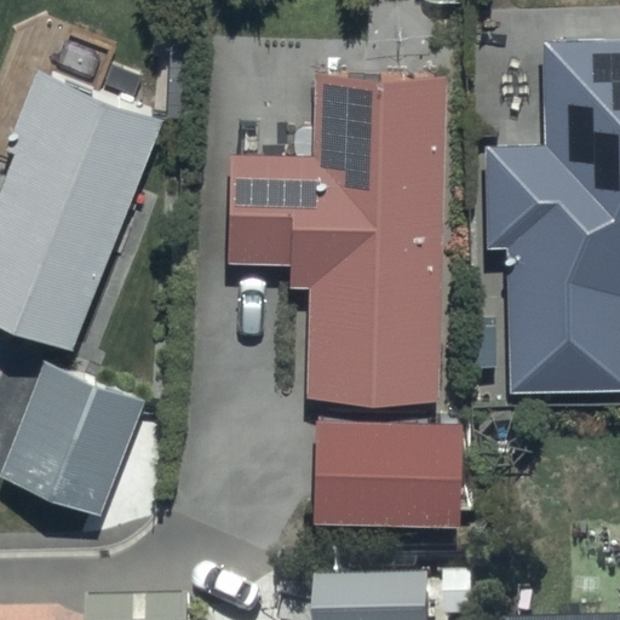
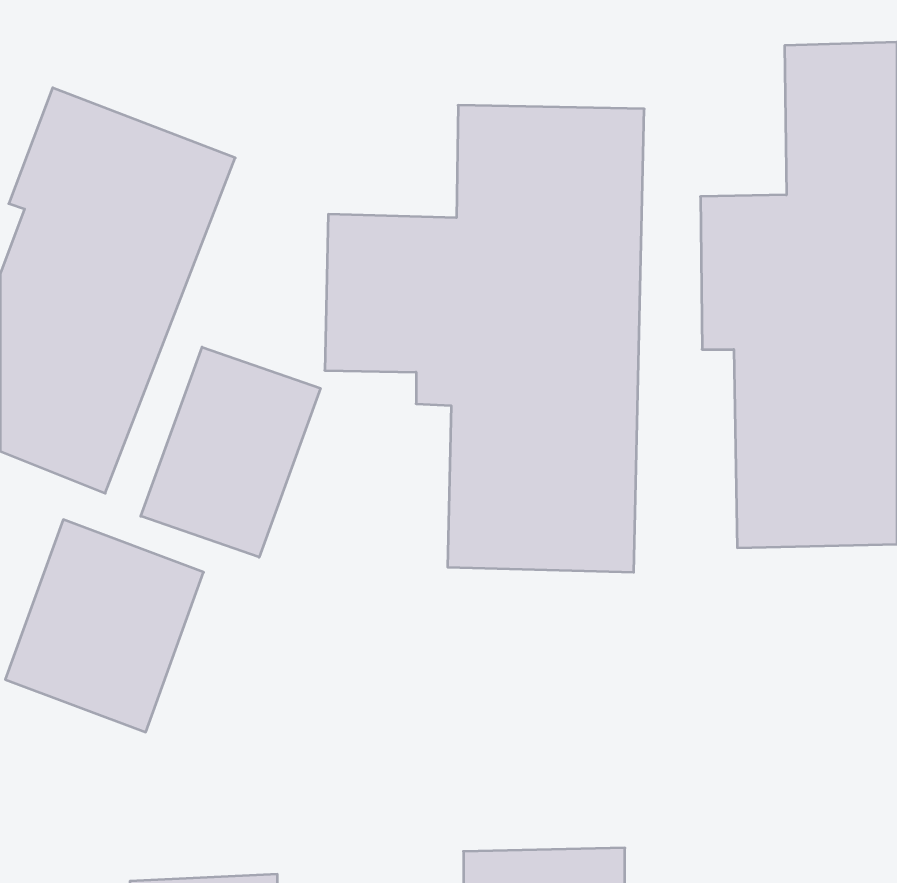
building: none -> [141,347,320,557]
building: [309,423,458,529] -> none

